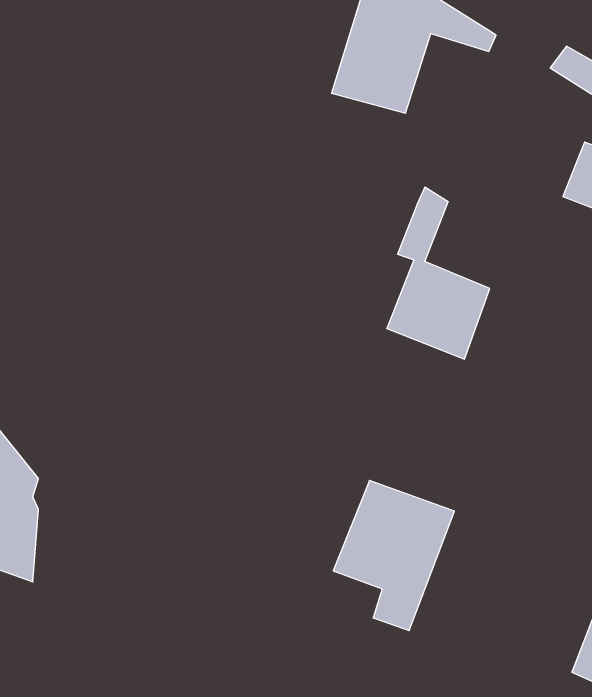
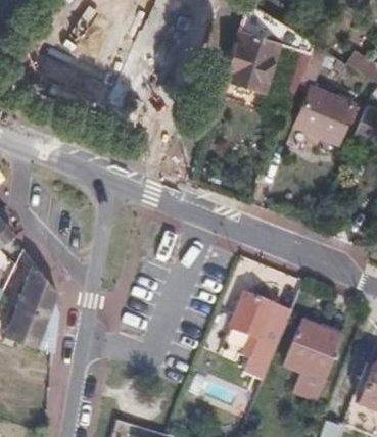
building: [387,187,490,359] -> [294,44,352,141]
building: none -> [285,320,342,398]

